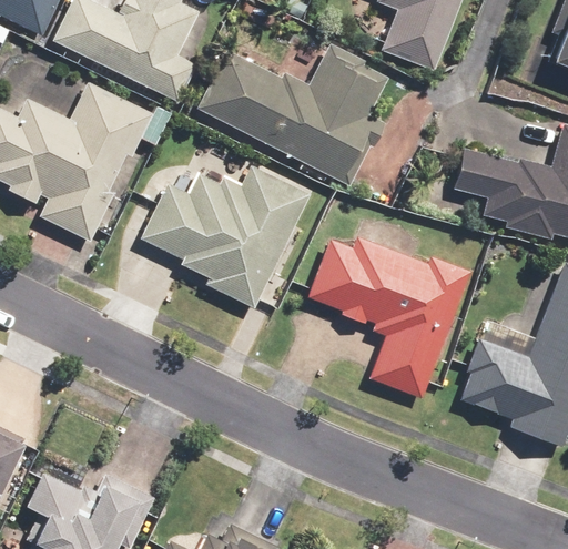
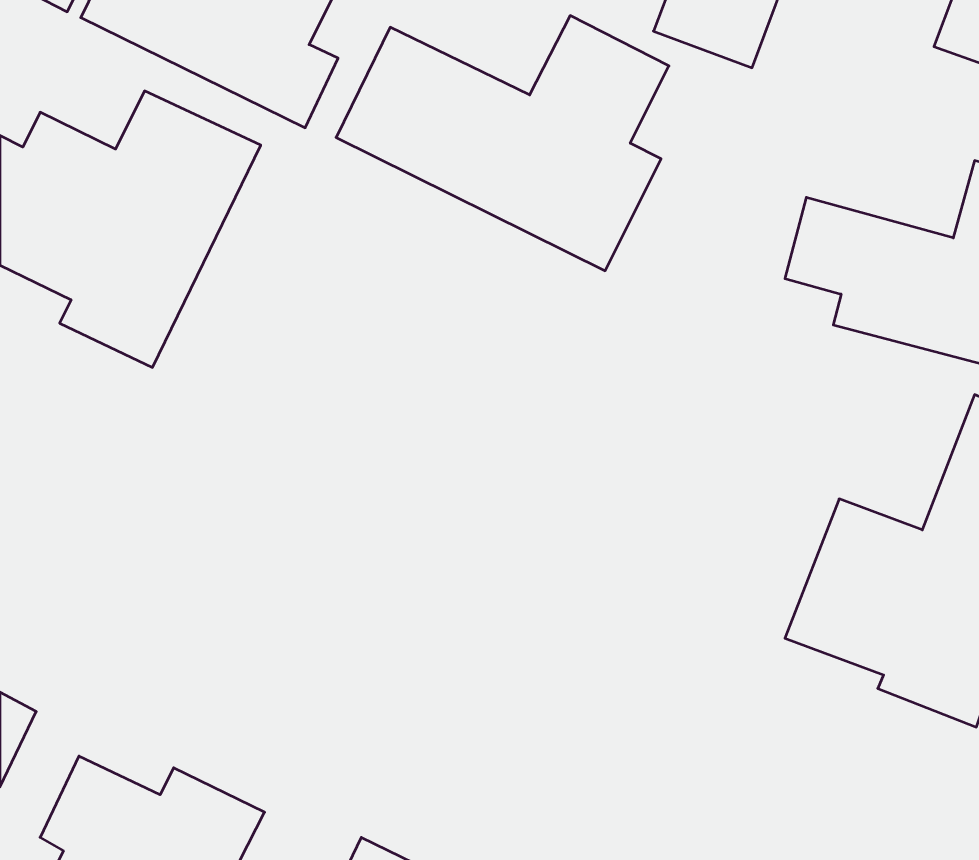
building: [138,162,313,309] -> none
building: [305,234,474,401] -> none

